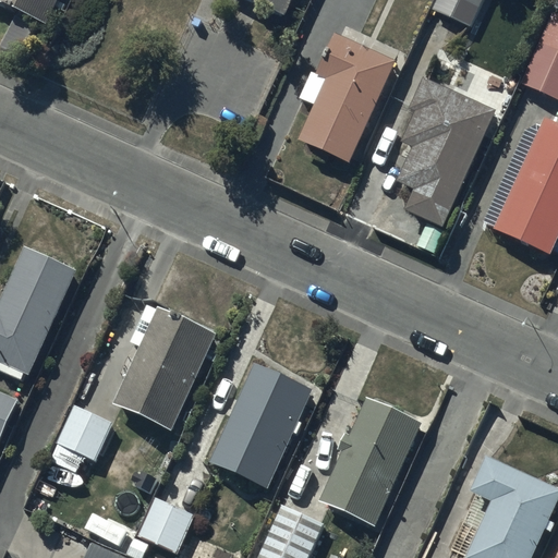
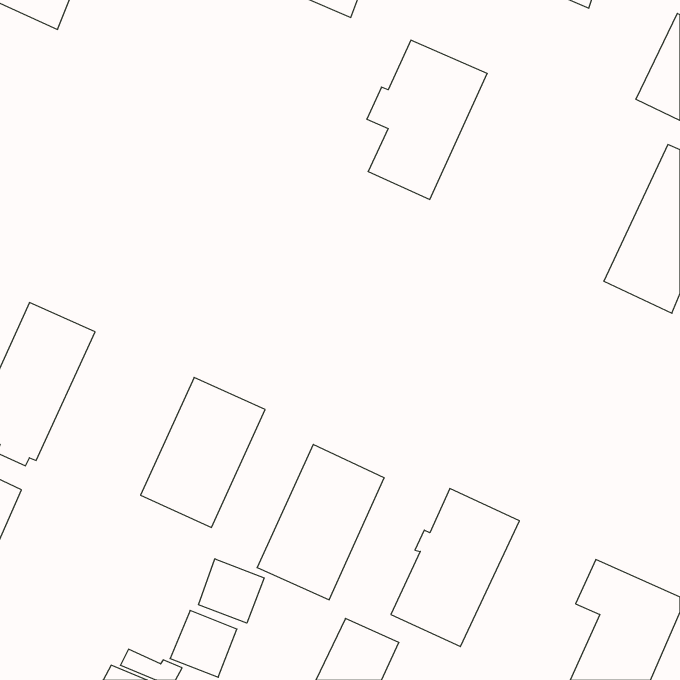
building: [397,76,496,227] -> none
building: [56,403,114,461] -> none
building: none -> [198,559,264,623]

